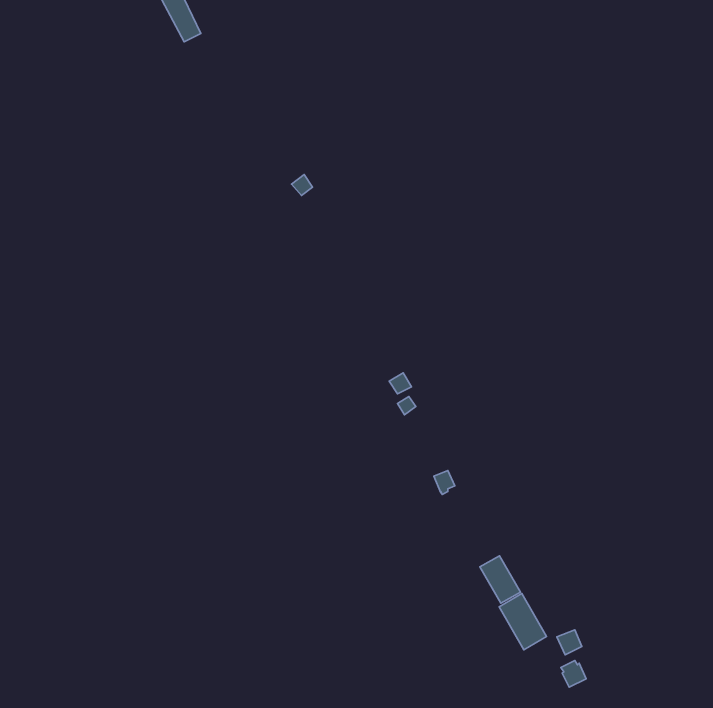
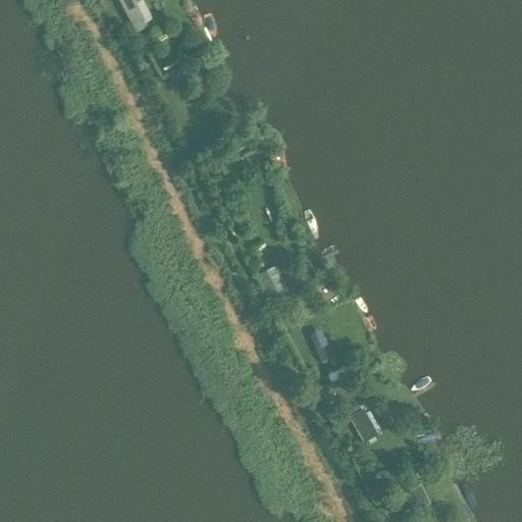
building: [499,593,547,650] -> none

